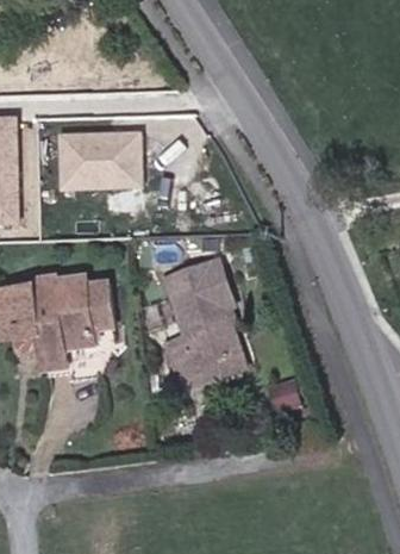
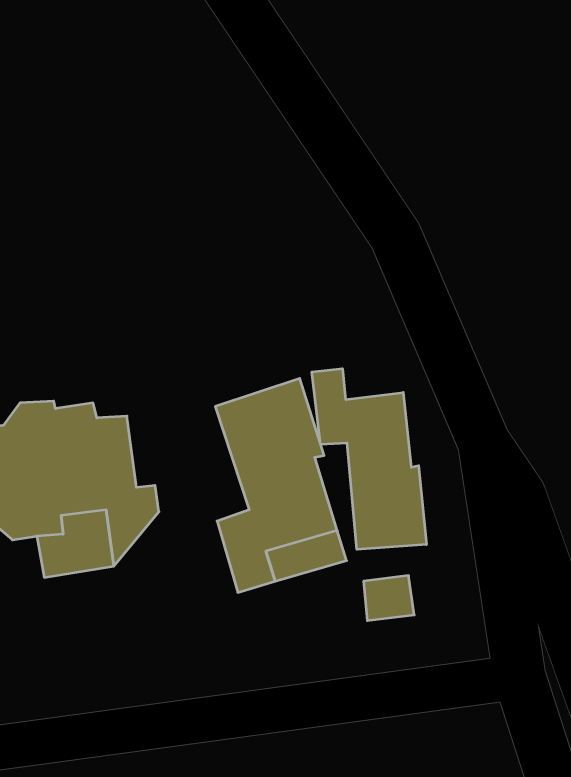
building: [45,130,137,205] -> none
building: none -> [312,369,426,549]

